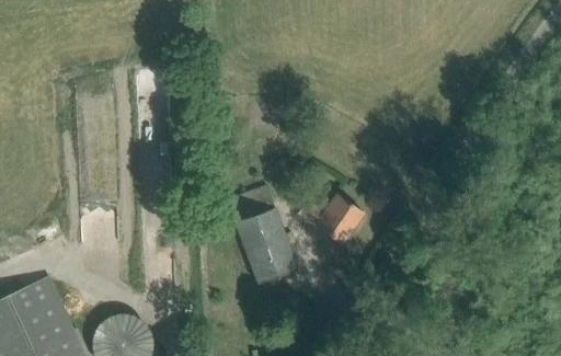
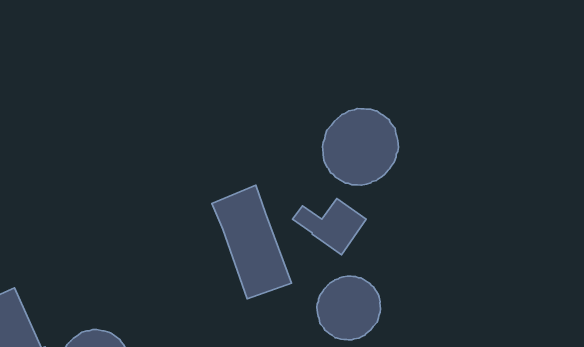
building: none -> [323,109,398,185]
building: none -> [317,276,381,340]

